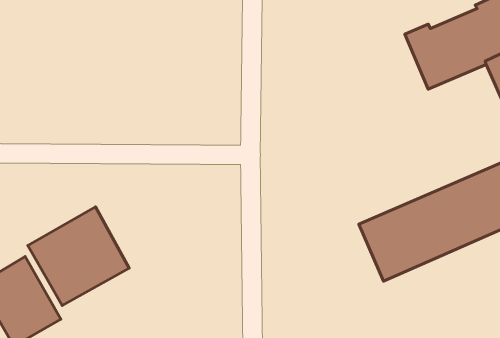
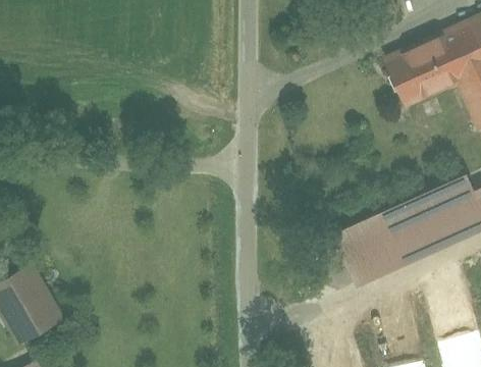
building: [28,207,129,306] -> none

